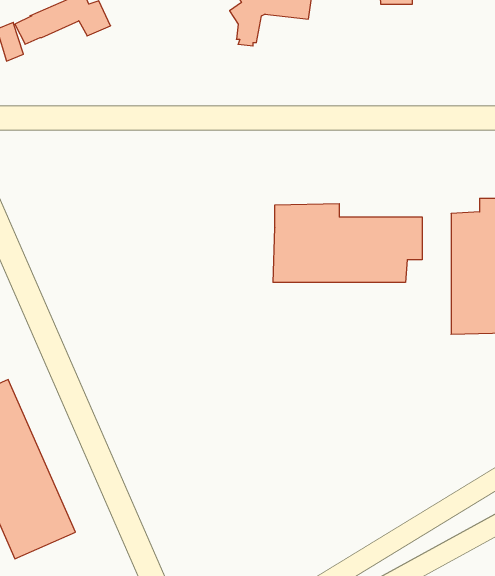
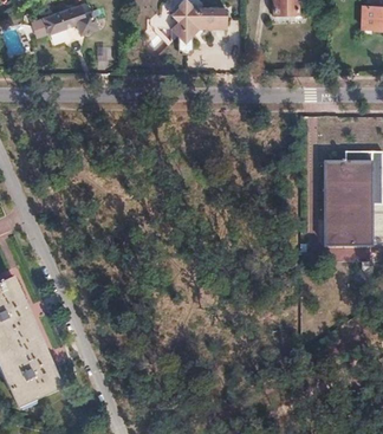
building: [273,204,422,282] -> none

